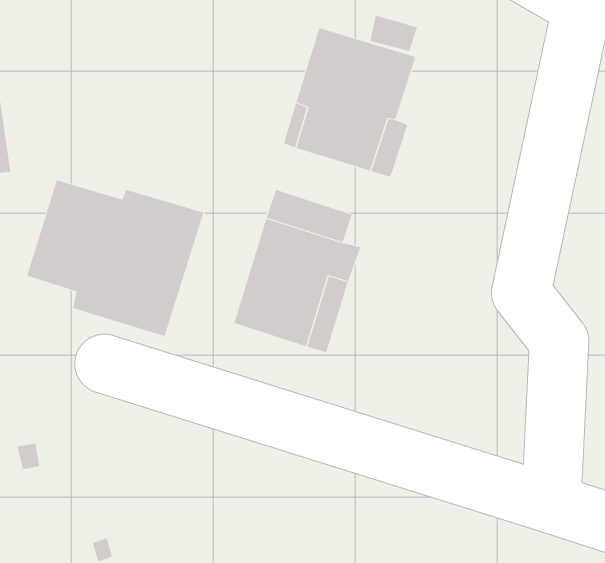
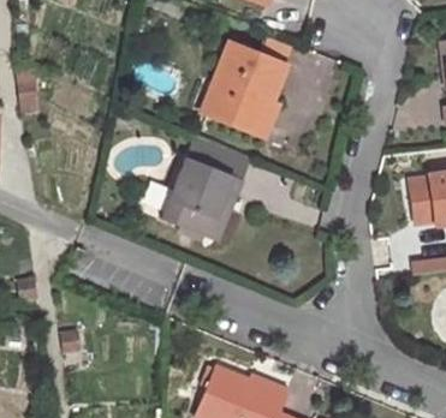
building: [27,180,204,337] -> none

